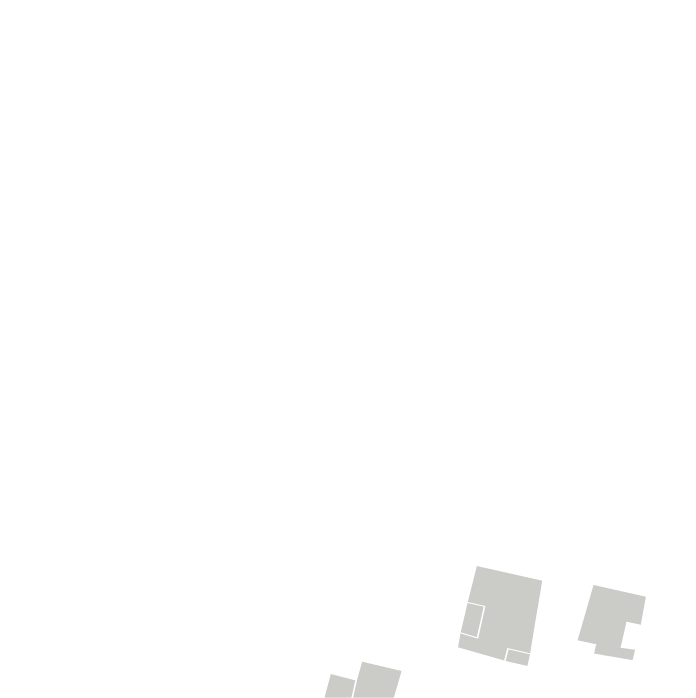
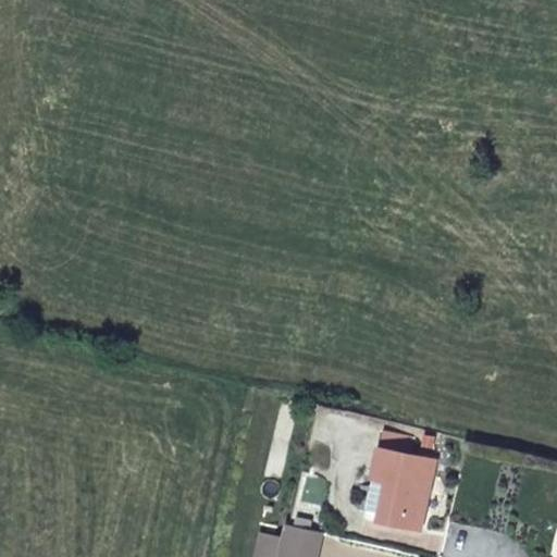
building: [577,584,647,661] -> none

